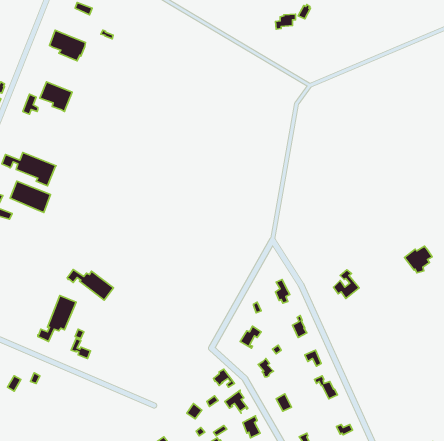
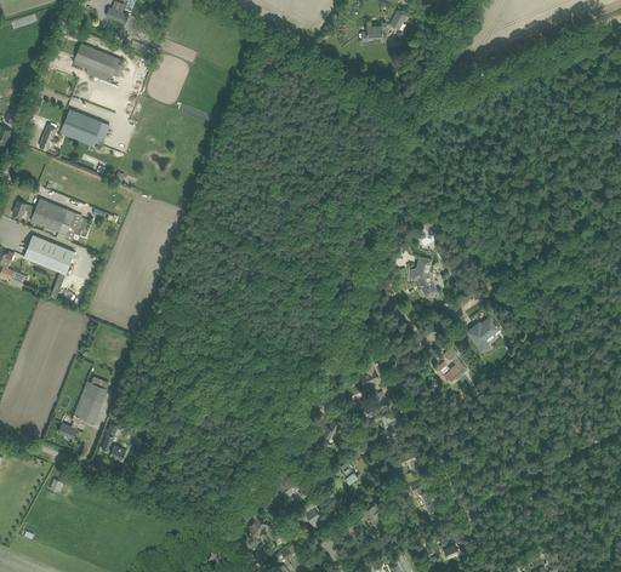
building: none -> [411,257,437,297]
building: [405,246,432,273] -> [465,318,500,351]
building: [67,269,114,300] -> none

